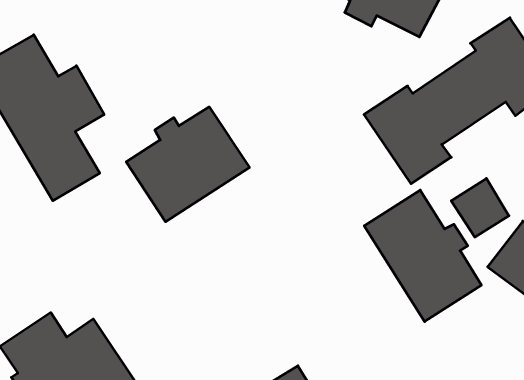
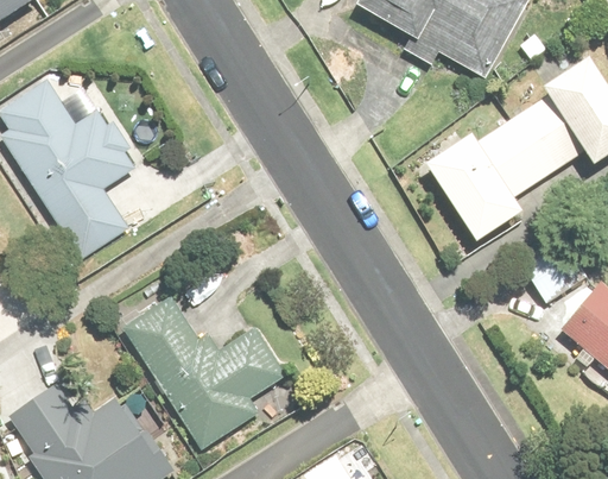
building: [126,107,249,222] -> none
building: [364,190,481,322] -> none
building: none -> [122,295,289,447]

